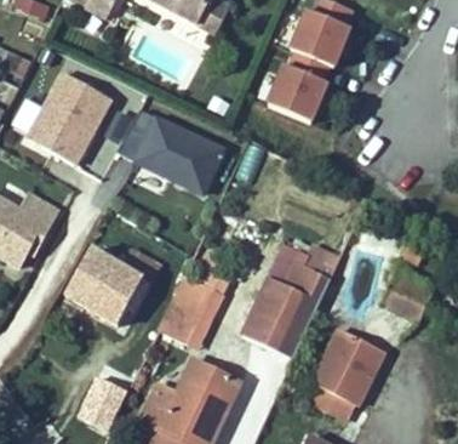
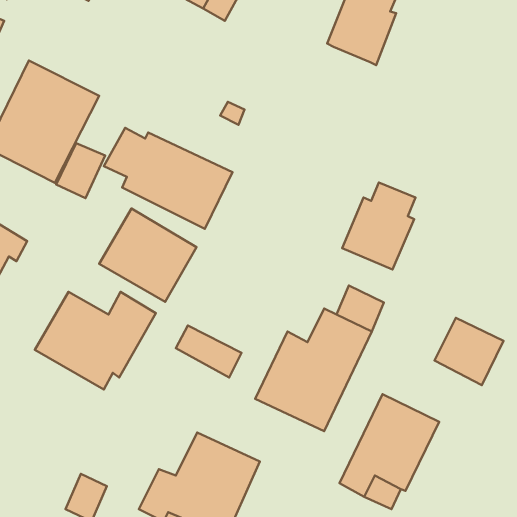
building: [270,53,328,123] -> [342,182,416,270]
building: none -> [99,208,197,302]
building: [158,292,217,349] -> none

